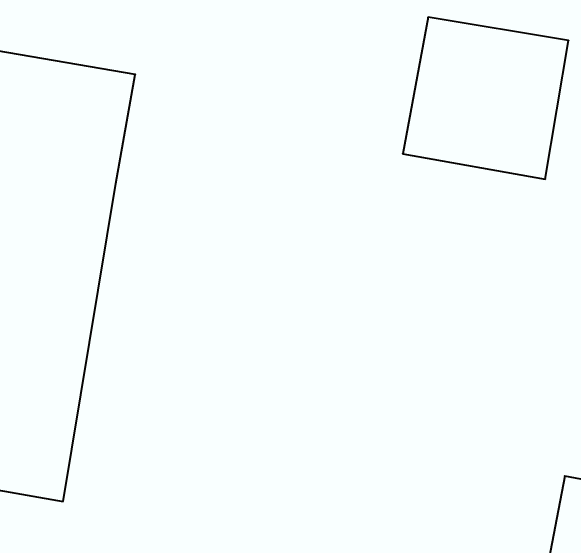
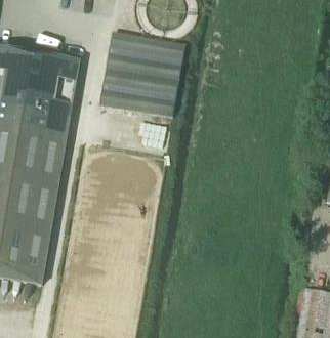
building: [403,17,569,179] -> [98,32,185,117]

